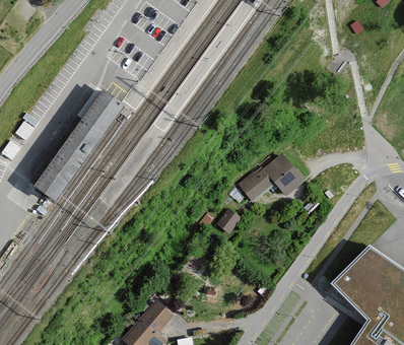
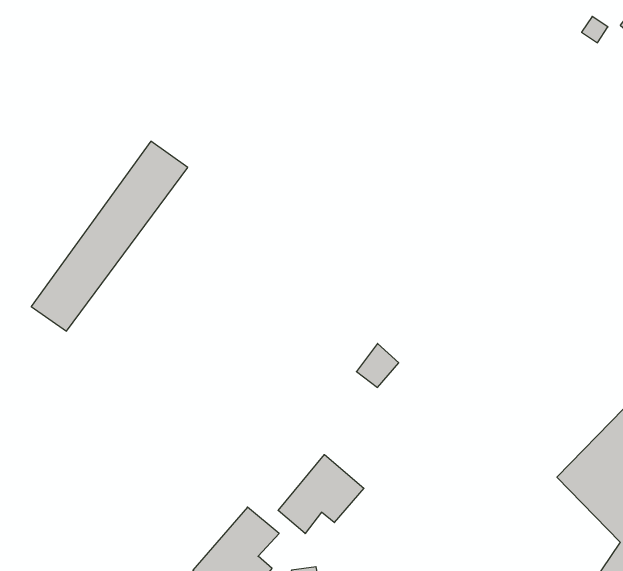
building: [238,152,302,201] -> none
building: none -> [278,455,364,534]

